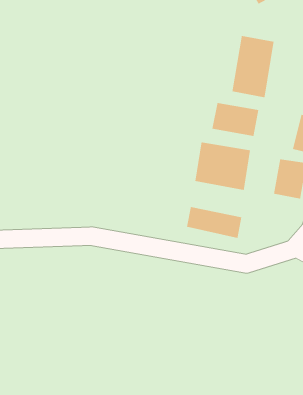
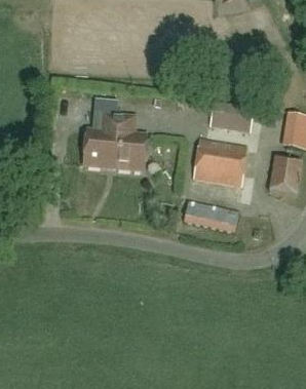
building: [232,35,274,98] -> none
building: none -> [82,114,145,169]

